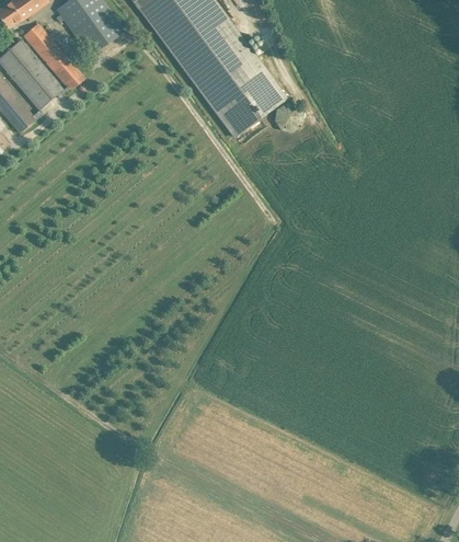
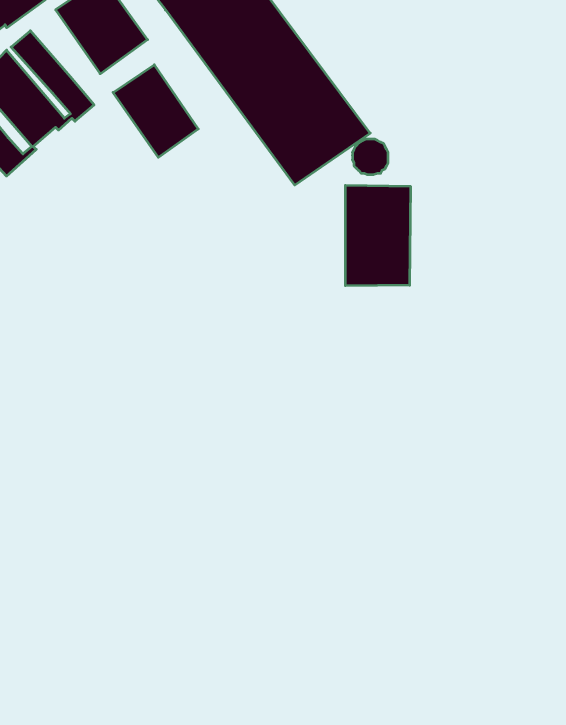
building: none -> [113,65,198,157]
building: none -> [345,185,410,286]

